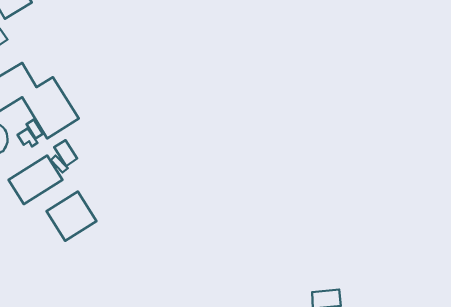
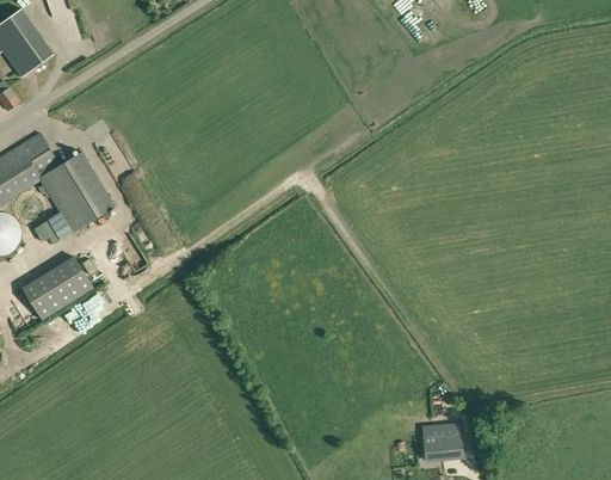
building: [54,140,77,166] -> none
building: [47,191,97,241] -> none

